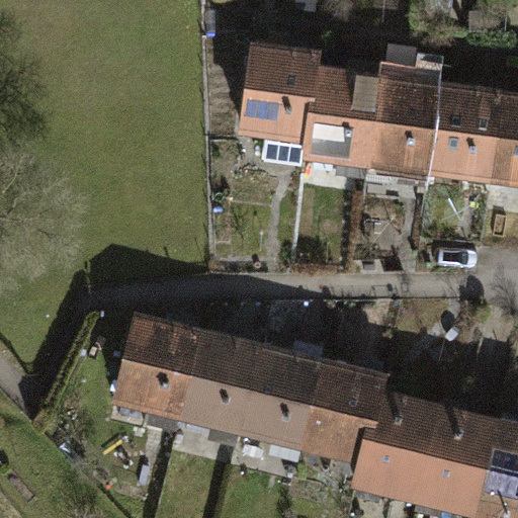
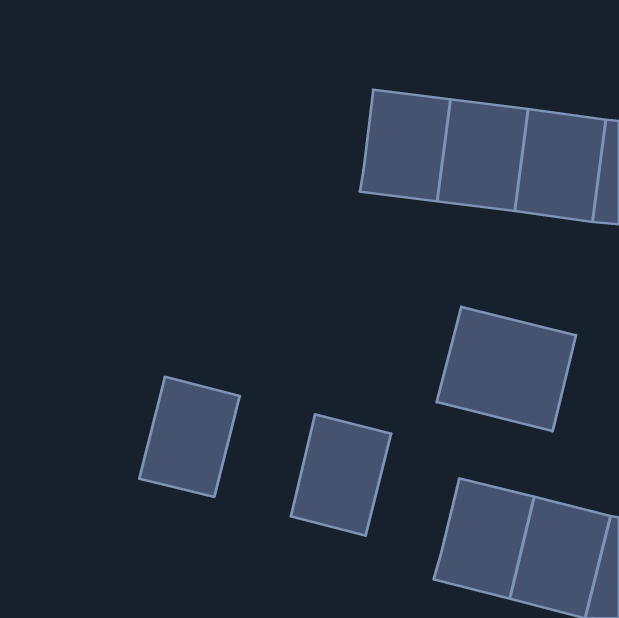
building: [244,42,316,142] -> none
building: none -> [437,307,576,431]
building: [179,331,263,431] -> none
building: [306,362,390,462] -> none

